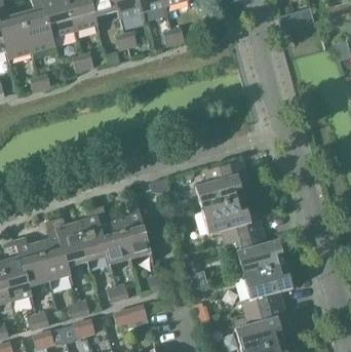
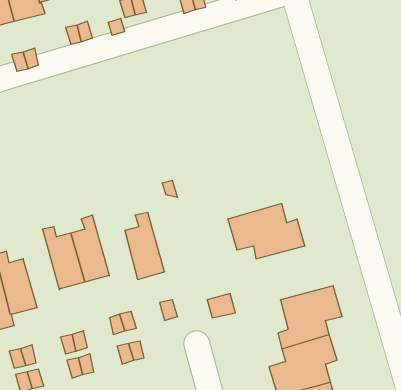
building: [195,160,248,210] -> none
building: [93,205,129,264] -> none
building: [38,219,70,281] -> none
building: [224,232,285,275] -> none

